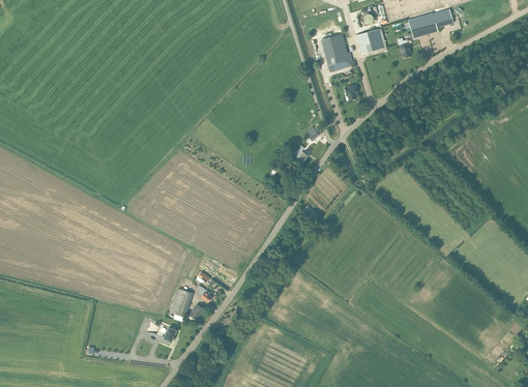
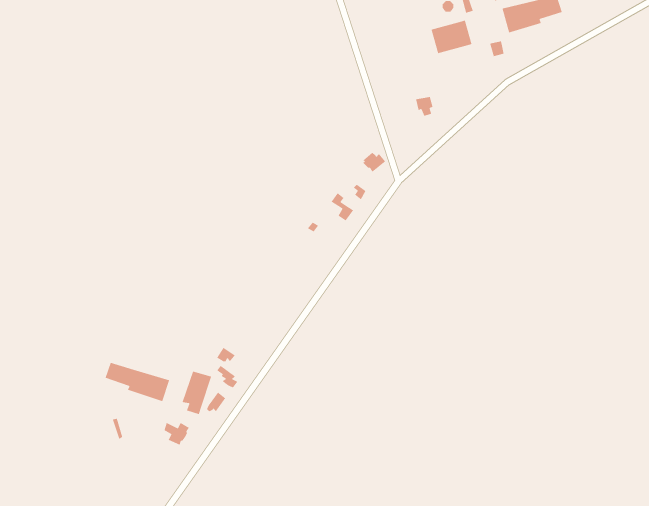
building: [320,27,356,68] -> none
building: none -> [104,362,170,402]

